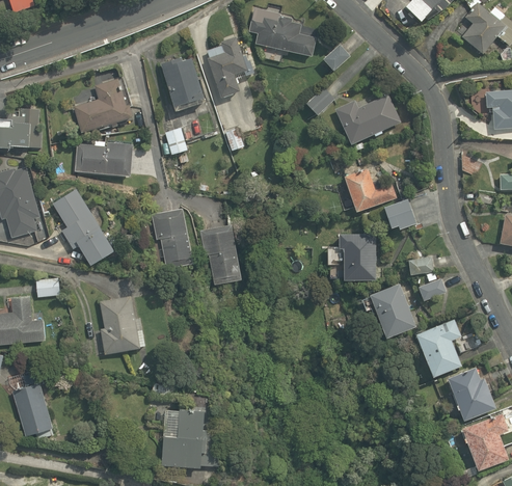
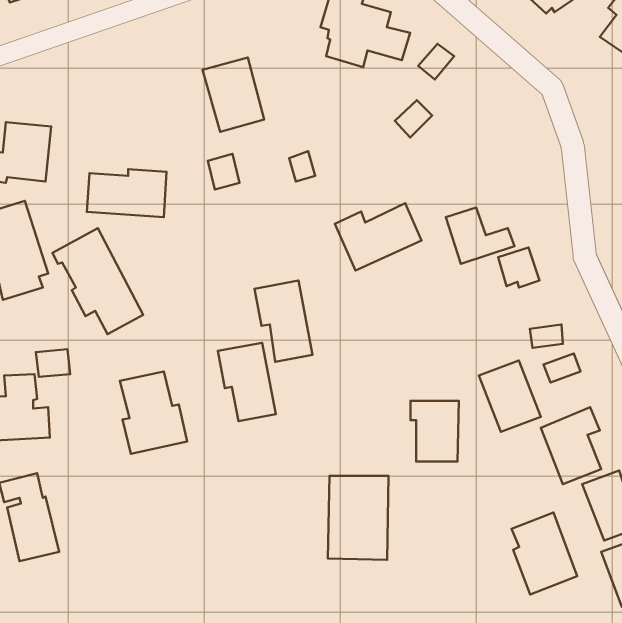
building: [209,42,254,100] -> none
building: [71,74,132,132] -> none
building: [334,93,400,144] -> [335,203,422,271]
building: [150,207,193,266] -> [218,343,276,421]
building: [339,234,375,279] -> [411,401,459,462]
building: none -> [511,513,577,595]
building: [163,406,209,469] -> [328,476,389,560]

